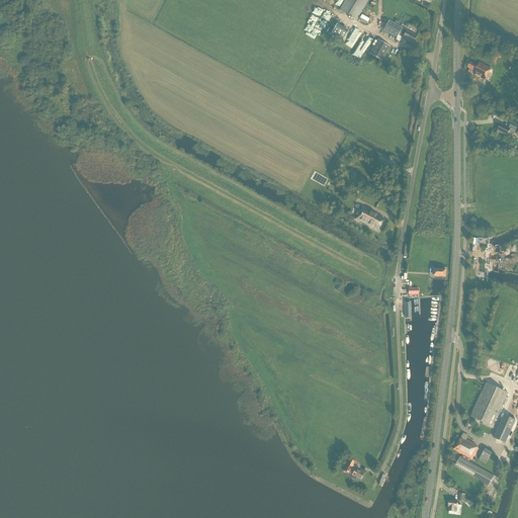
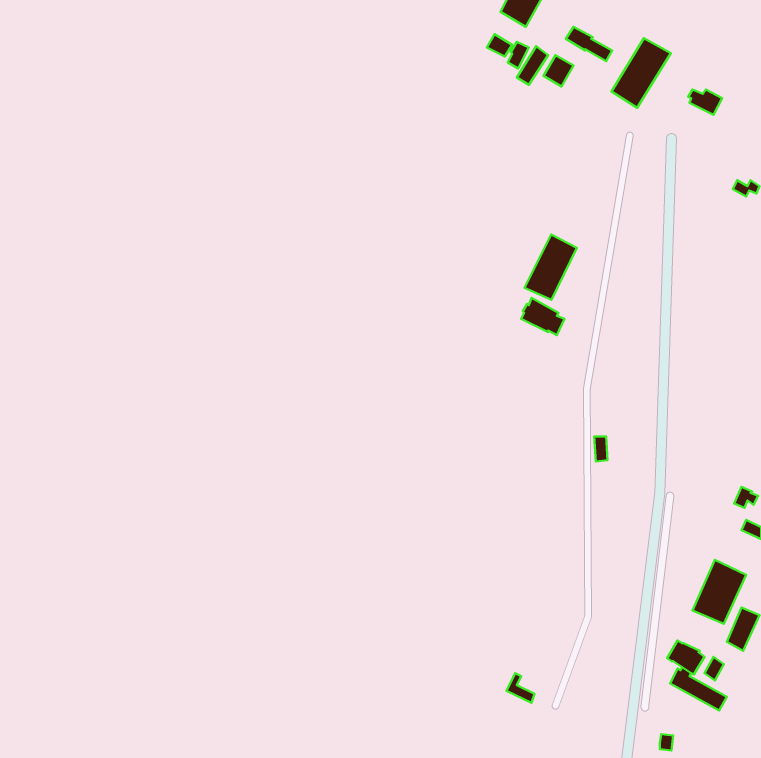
building: none -> [611,38,671,108]
building: none -> [525,235,577,300]

